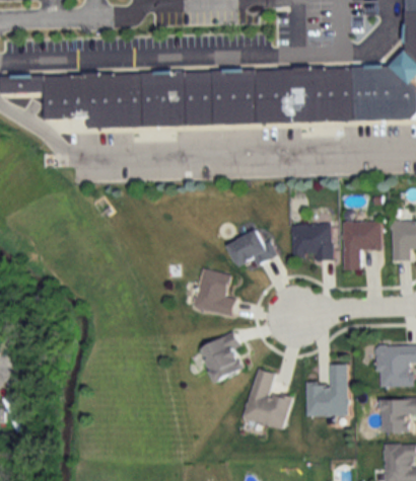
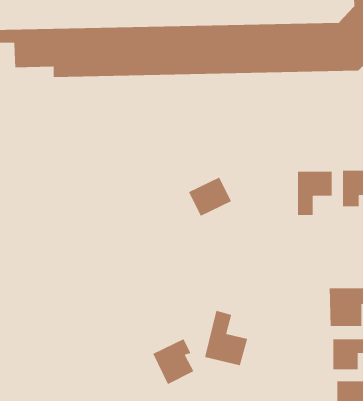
building: [291,225,332,261] -> none
building: [194,269,235,317] -> none
building: [200,333,245,383] -> [152,338,194,385]
building: [305,366,347,417] -> none

